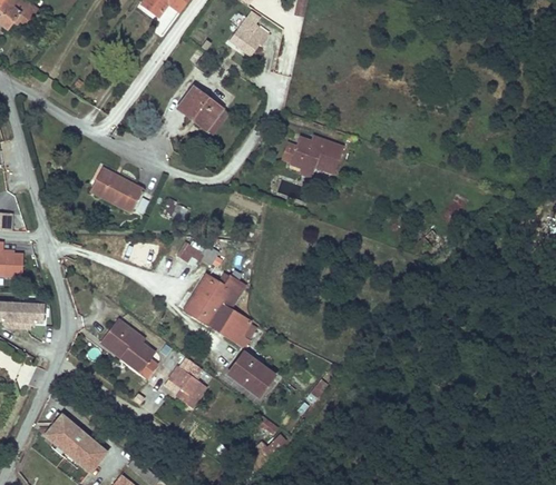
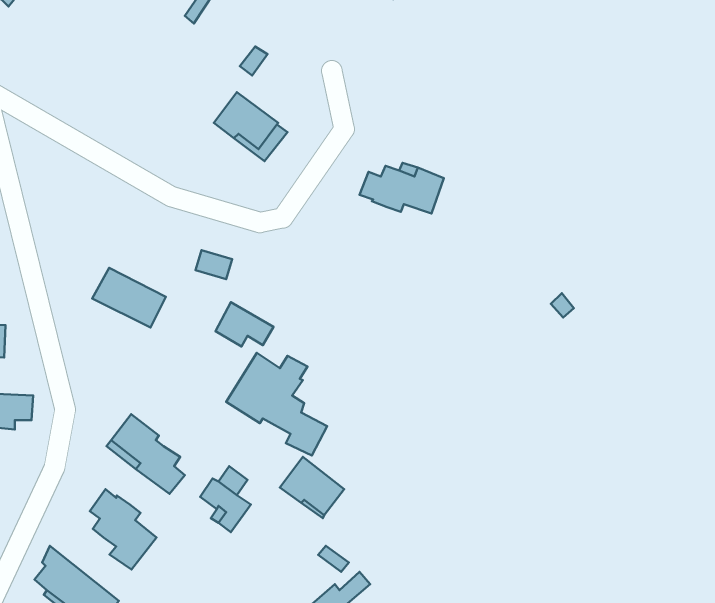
building: [231,24,270,55] -> none
building: [90,167,144,210] -> [92,268,166,328]
building: none -> [90,489,156,570]

